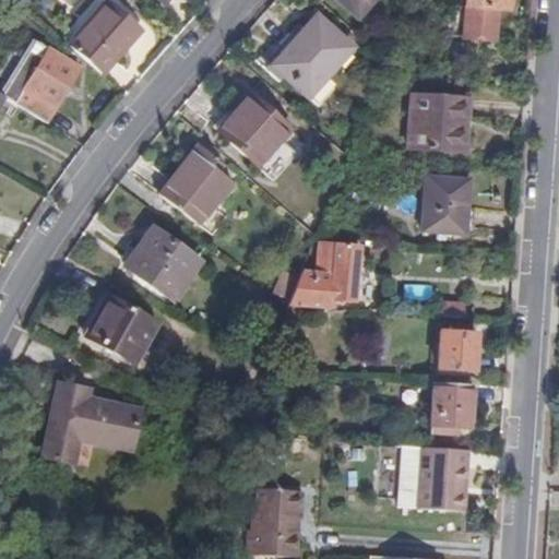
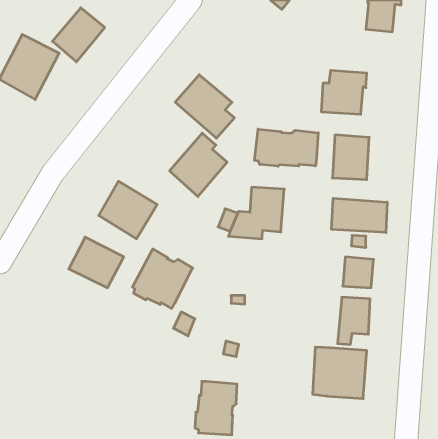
building: [278,19,356,96] -> none
building: [160,145,234,226] -> [170,133,227,197]
building: none -> [254,129,318,166]
building: none -> [332,198,387,233]
building: none -> [132,249,193,308]
building: [44,383,141,463] -> none

